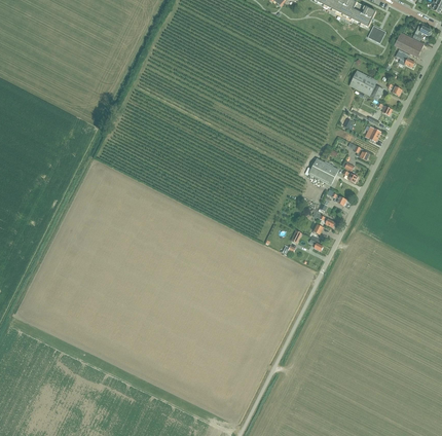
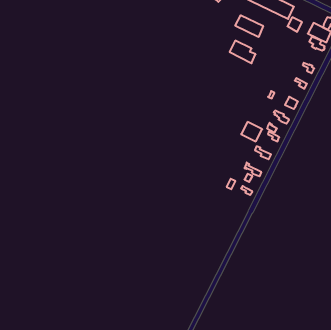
building: none -> [235,15,263,37]
building: [349,70,382,99] -> [230,41,256,63]

